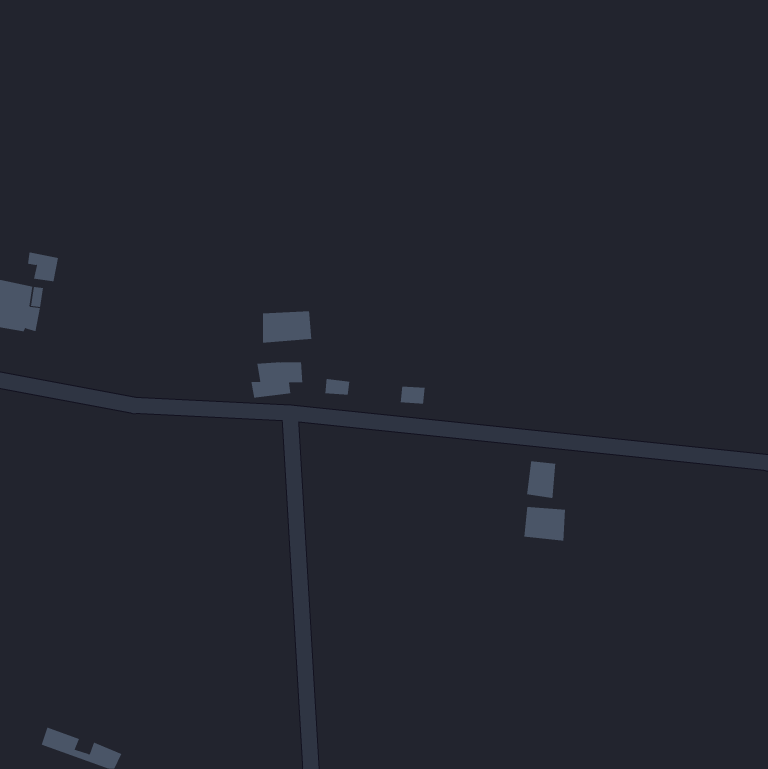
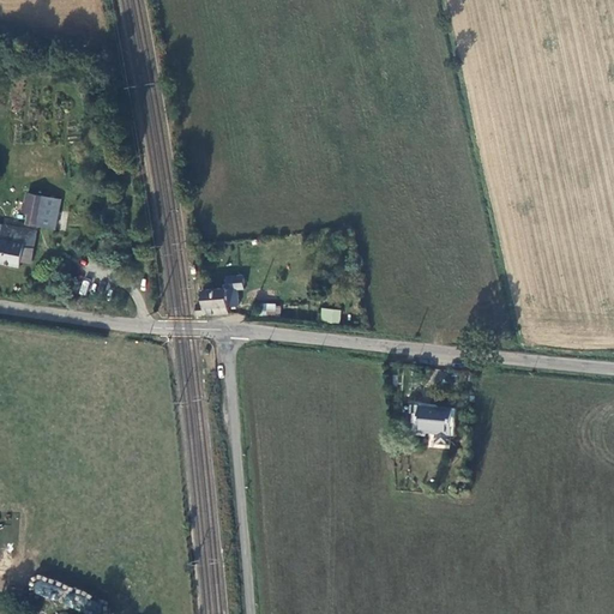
building: [262,310,312,343] -> none
building: [527,461,556,499] -> none

